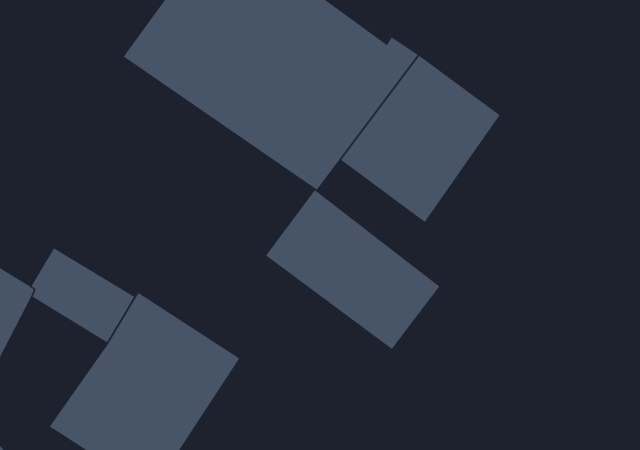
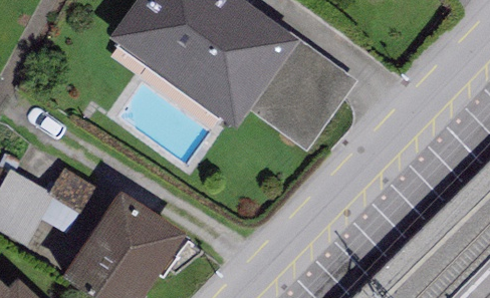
building: [265,189,440,350] -> none

